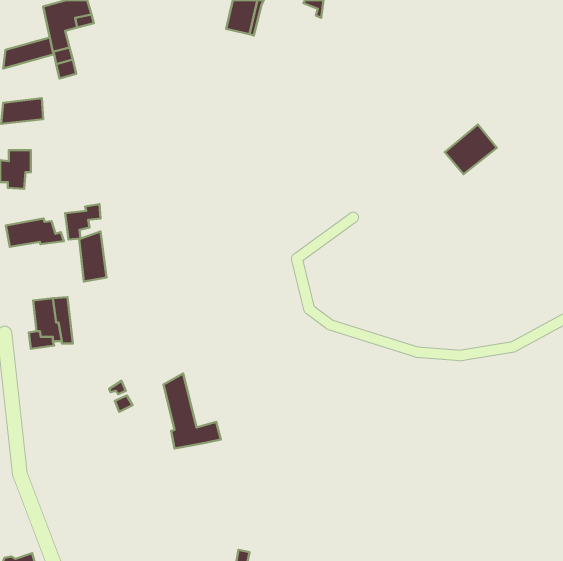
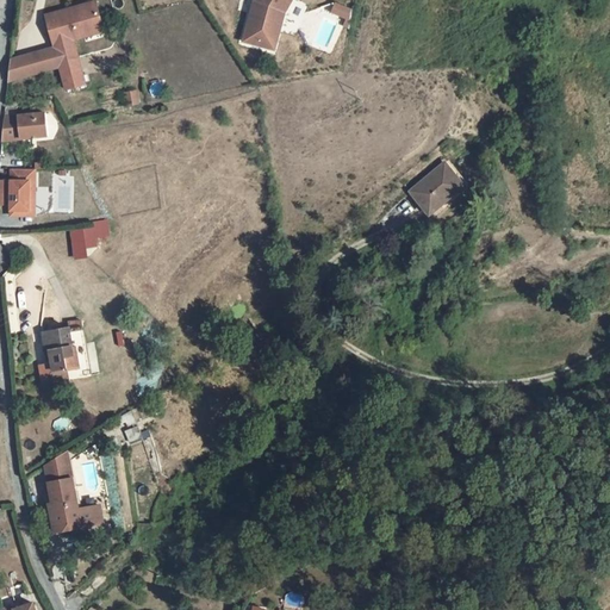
building: [445,125,497,174] -> [411,166,467,219]
building: [6,218,64,247] -> none
building: [79,232,106,281] -> none
building: [163,373,221,448] -> [43,454,105,535]

